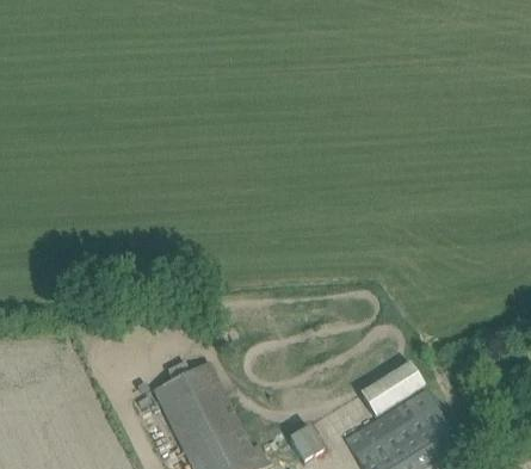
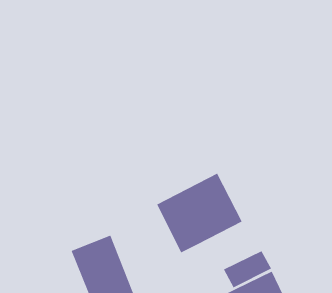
building: none -> [156,173,243,253]

